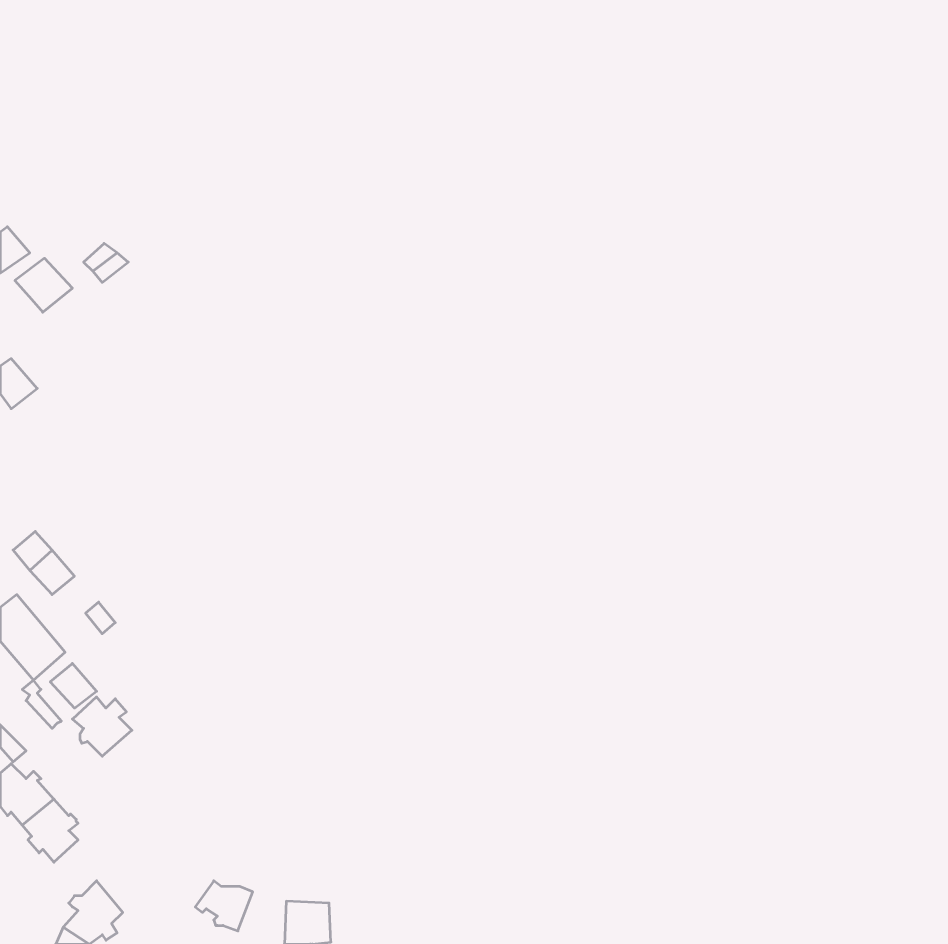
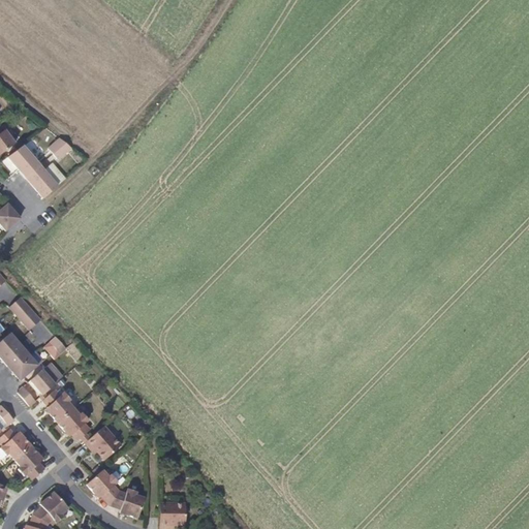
building: none -> [25,160,60,196]
building: none -> [58,406,91,440]
building: none -> [85,428,118,459]
building: none -> [85,469,120,504]

